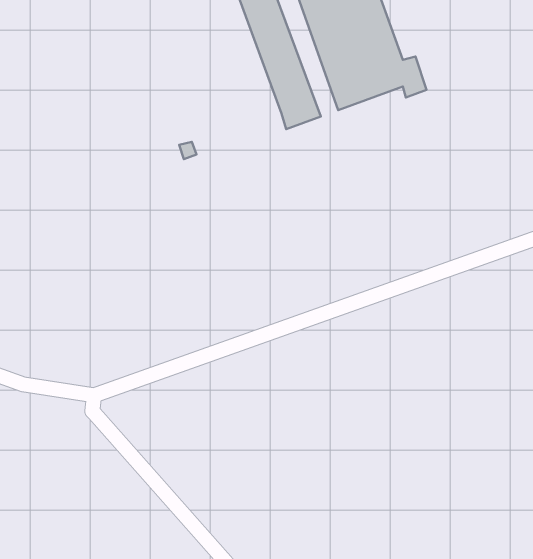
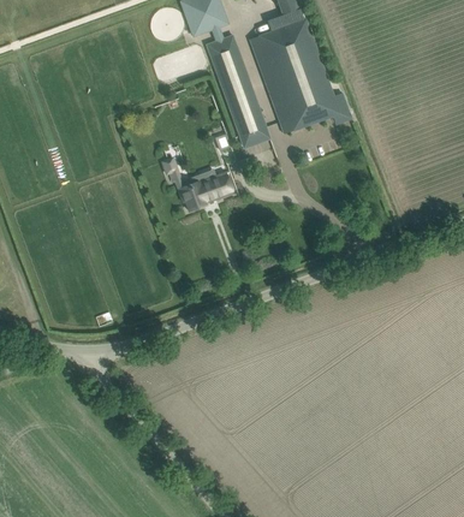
building: none -> [178,170,232,209]

